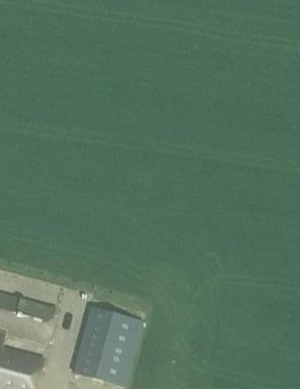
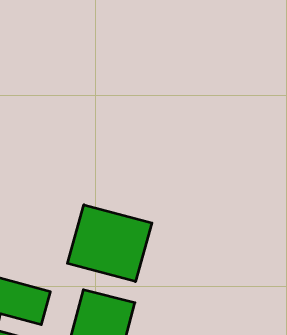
building: none -> [67,205,152,282]

